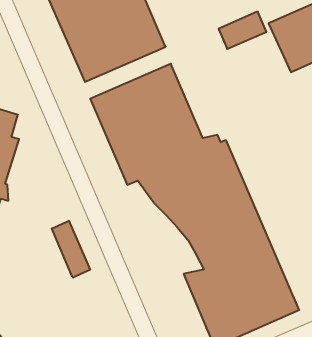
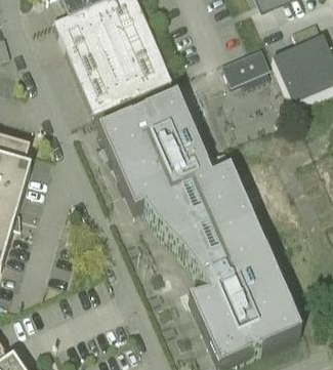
building: [52,221,90,278] -> none

